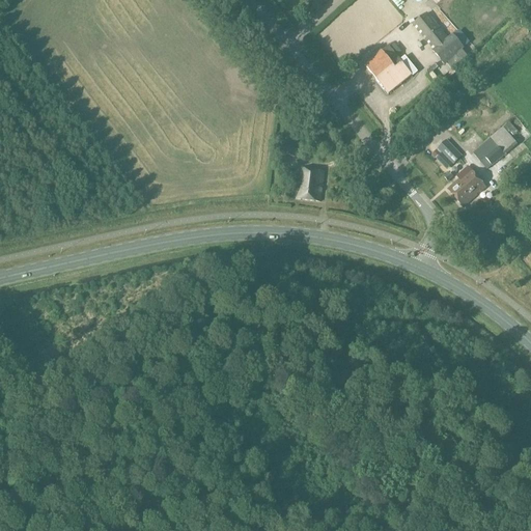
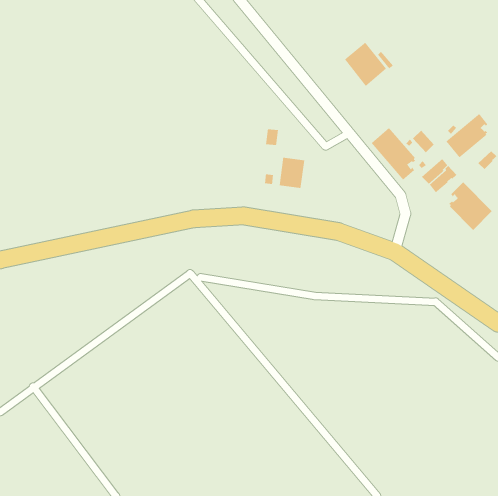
building: [413,10,471,63] -> none
building: none -> [371,127,417,181]
building: none -> [448,181,493,231]

